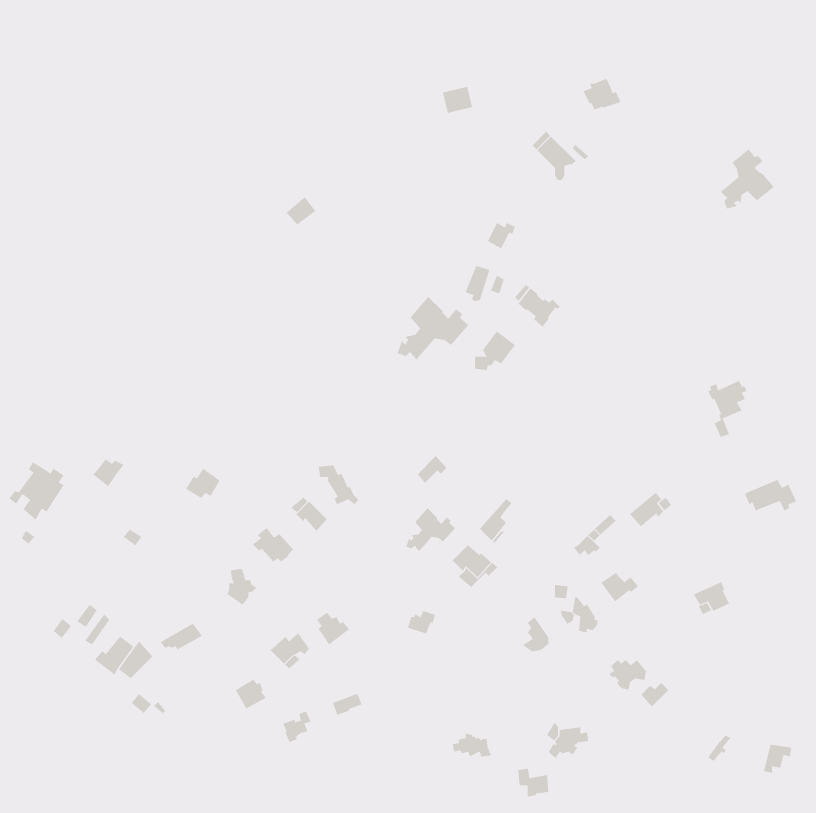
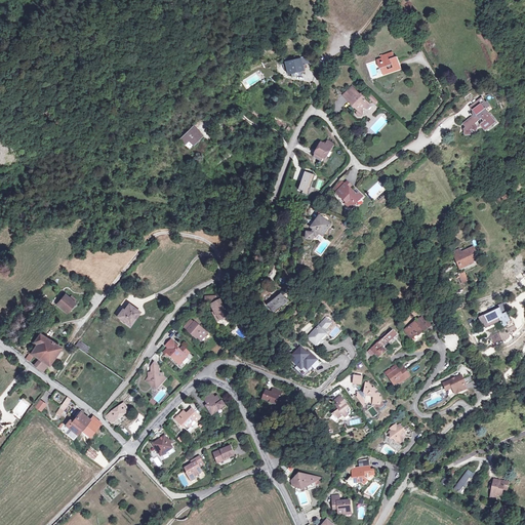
building: [397,296,469,360] -> none
building: [9,461,64,520] -> [25,331,60,369]
building: [406,508,456,552] -> none

